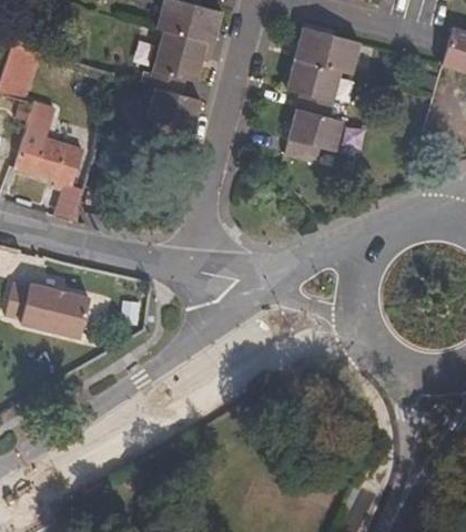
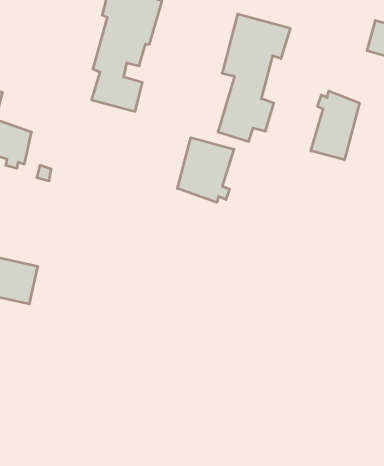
building: none -> [311,91,359,160]
building: none -> [177,138,234,202]

